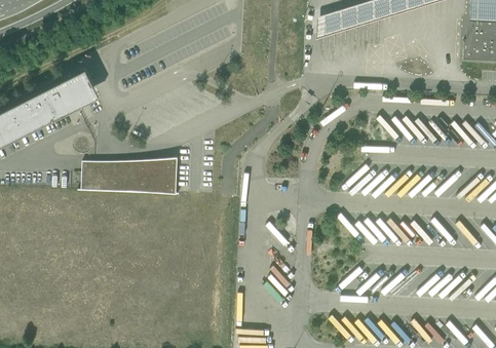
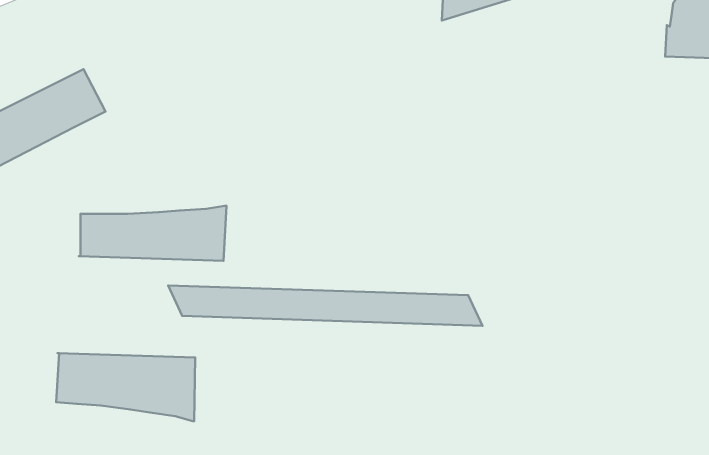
building: none -> [168,286,482,326]
building: none -> [56,353,195,421]

